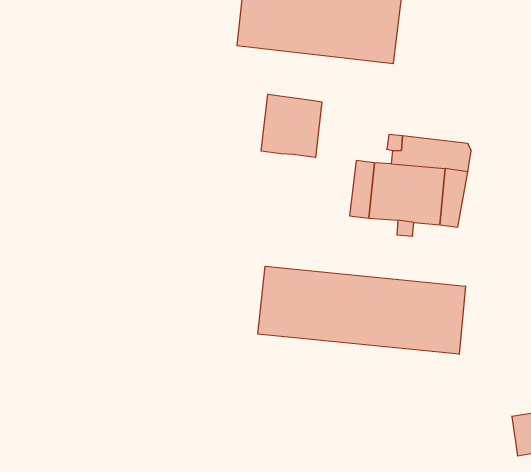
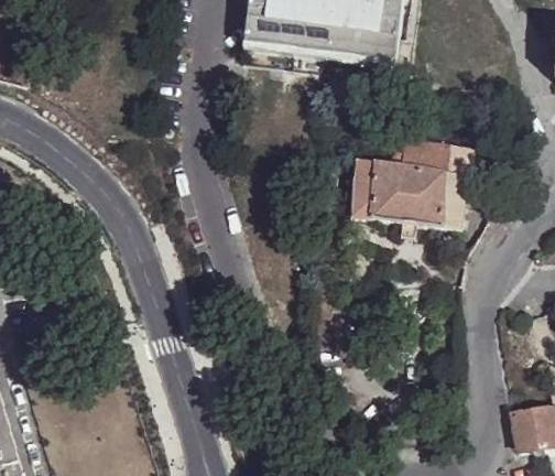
building: [261,94,322,158] -> none
building: [258,266,465,354] -> none

